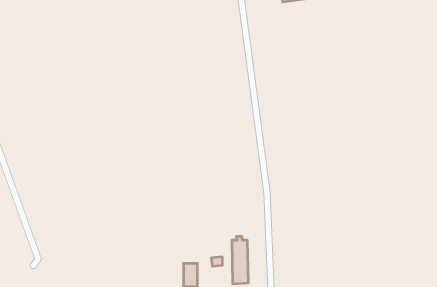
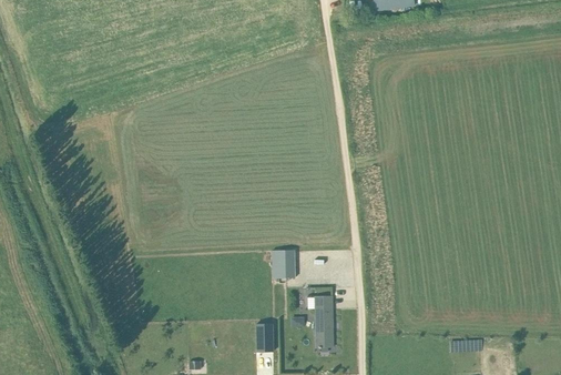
building: none -> [272,250,295,276]

